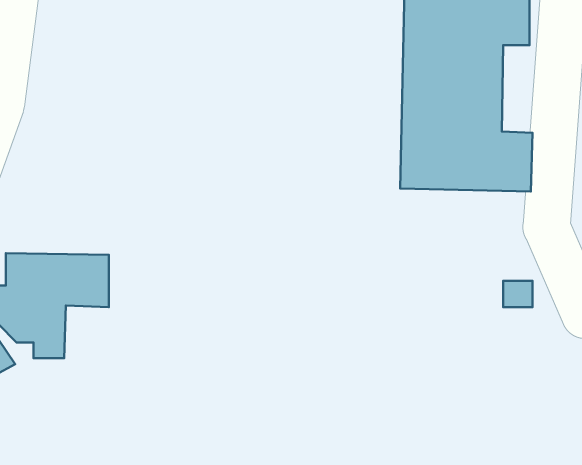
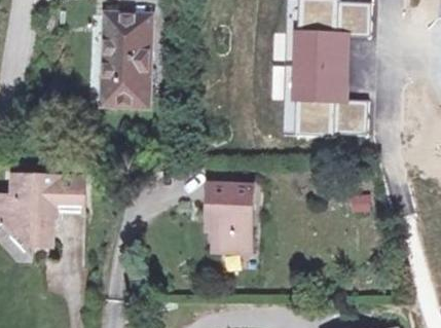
building: none -> [102,15,149,105]
building: none -> [210,182,251,245]

